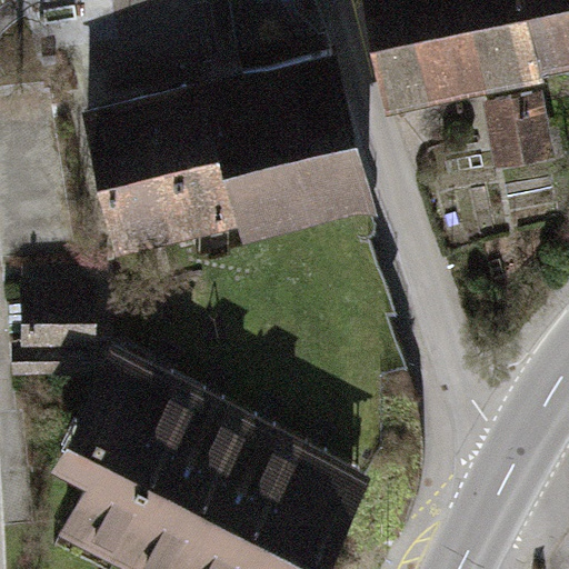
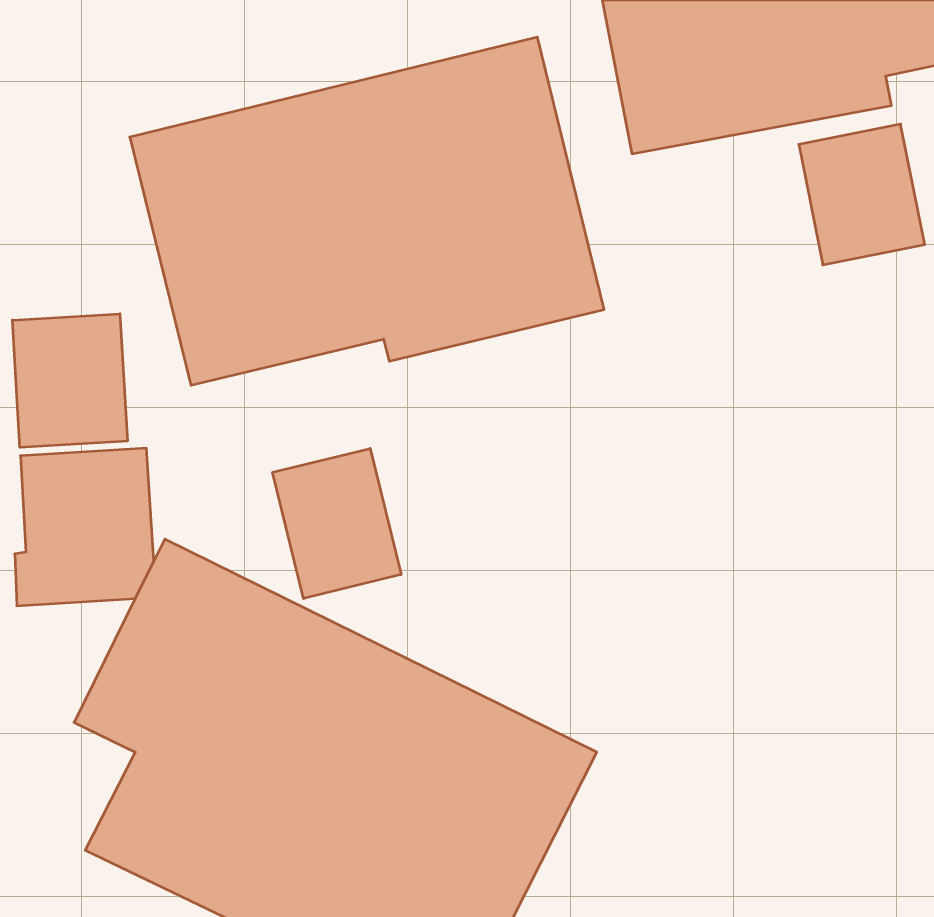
building: none -> [12,314,127,447]
building: none -> [273,448,401,599]

